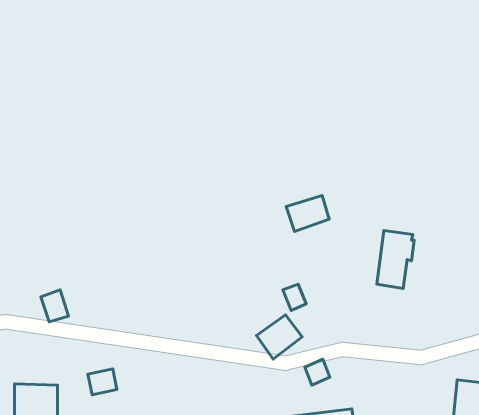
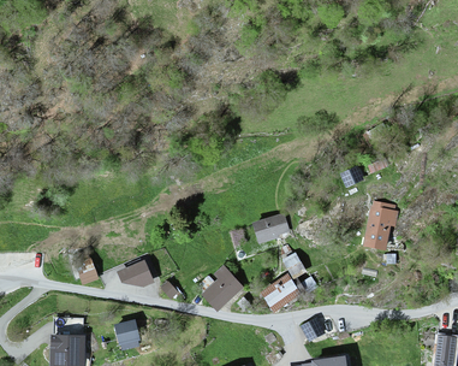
building: [286,195,329,231] -> [252,213,290,244]
building: none -> [118,260,154,287]
building: none -> [198,265,243,311]

